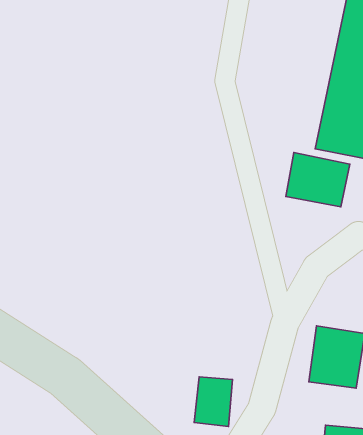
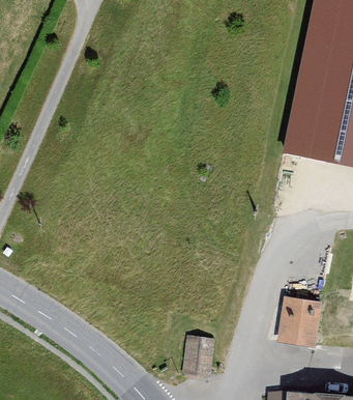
building: [286,153,350,207] -> none

